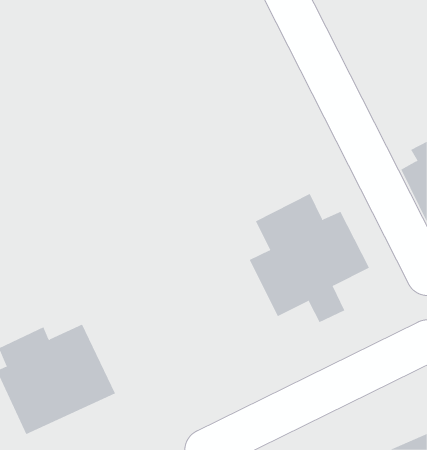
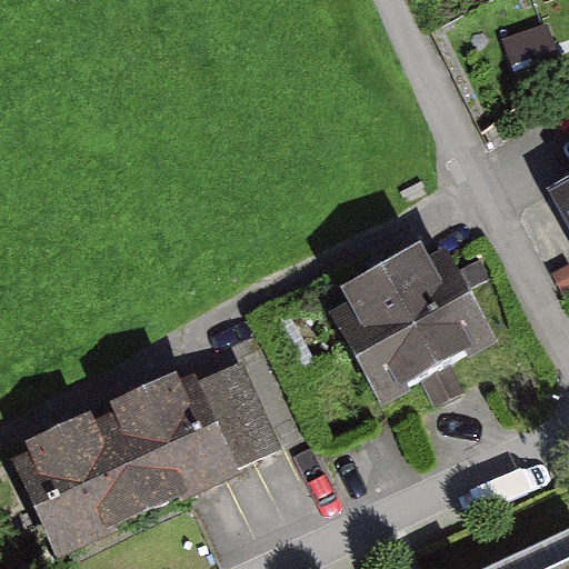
building: none -> [131,361,278,493]

